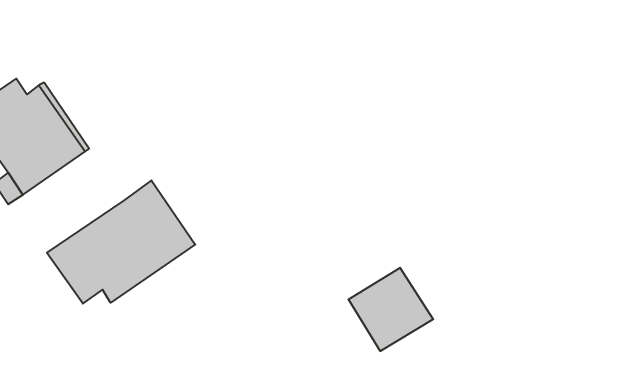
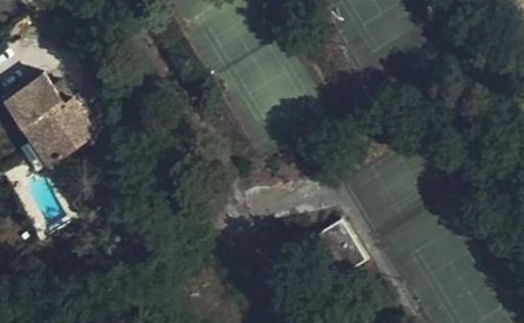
building: [47,180,195,304] -> none

